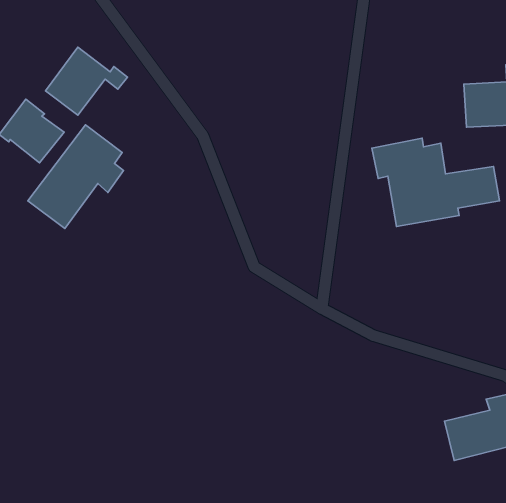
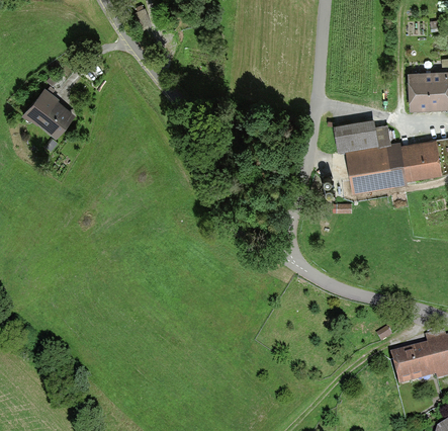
building: [46,47,128,115] -> none
building: [28,125,124,228] -> none

